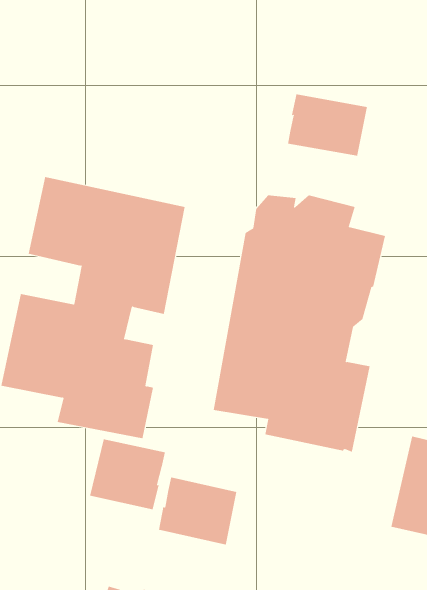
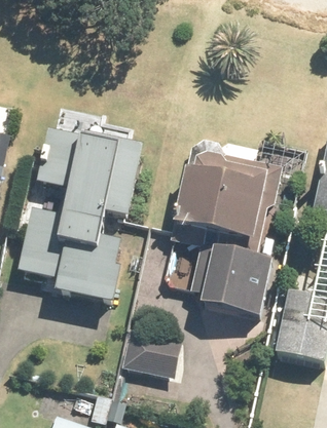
building: [287,94,368,157] -> none
building: [90,438,166,510] -> none

